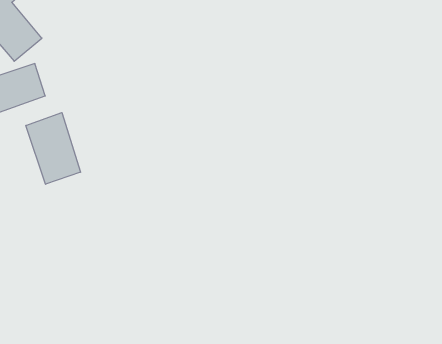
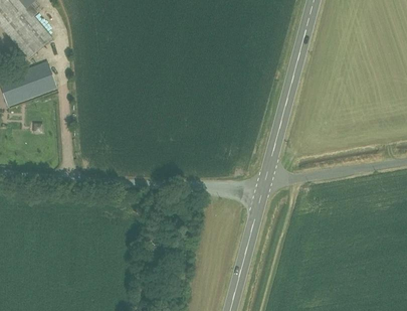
building: [26,113,81,184] -> none

